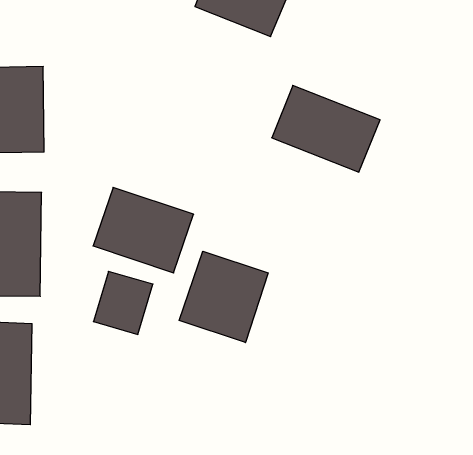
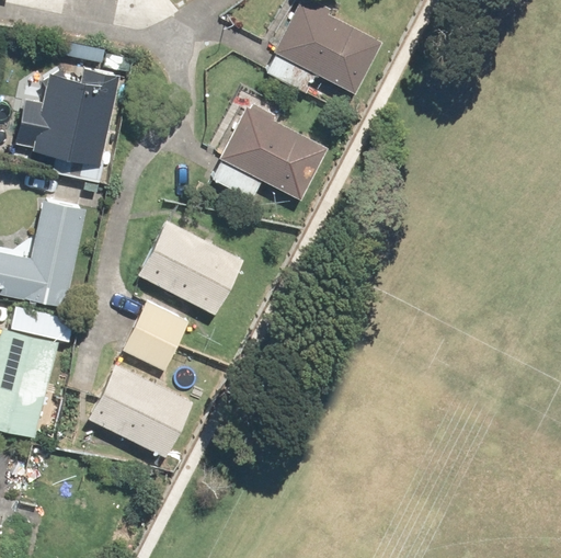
building: [272,85,380,172] -> [215,100,328,200]
building: [179,251,268,343] -> none
building: none -> [89,367,191,457]

